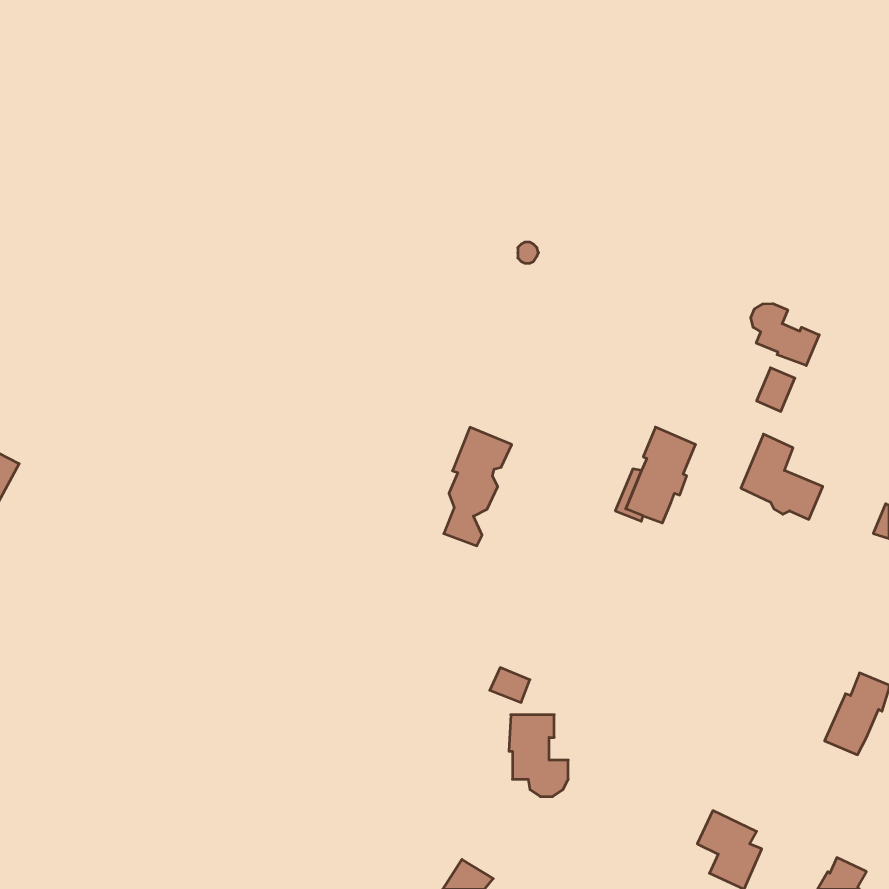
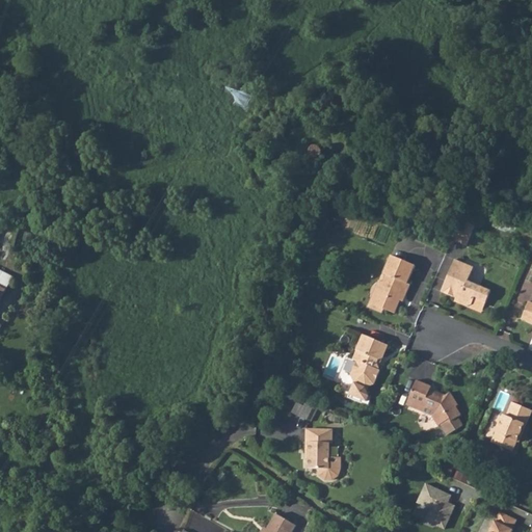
building: [751,304,819,366] -> none
building: [444,427,512,546] -> [347,334,388,404]
building: none -> [407,379,459,425]

